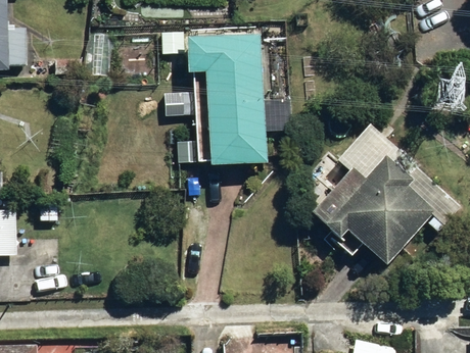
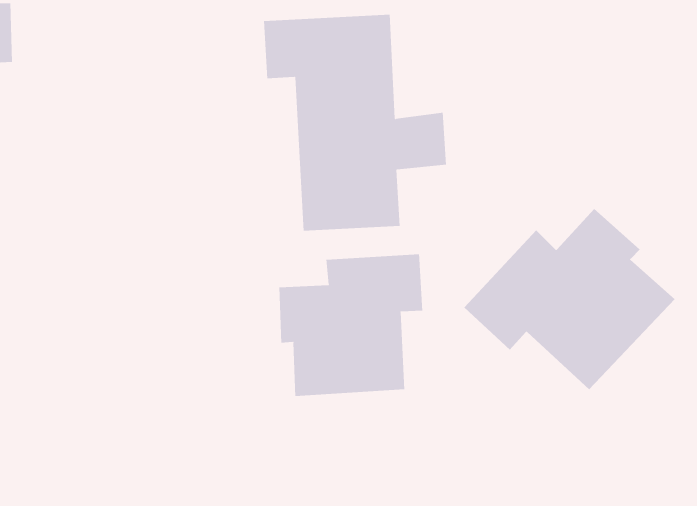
building: none -> [279,254,423,397]

